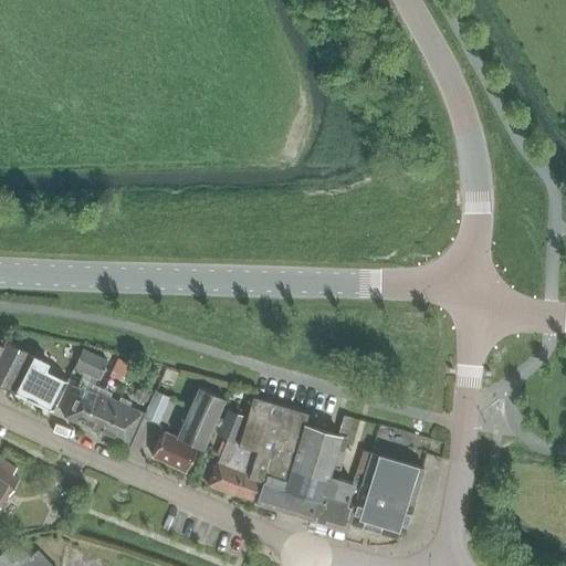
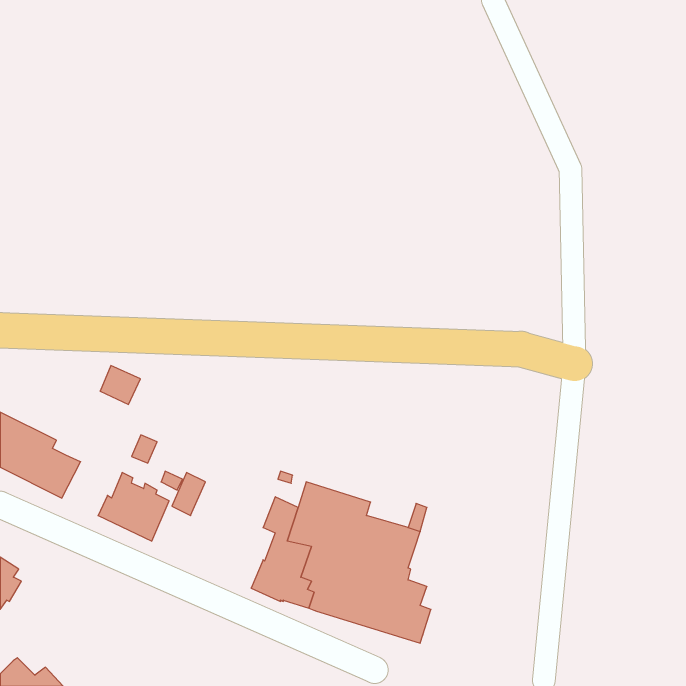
building: [73,347,106,379] -> [100,366,140,404]
building: [63,384,101,424] -> none
building: [151,387,223,471] -> none
building: [346,447,422,537] -> none

